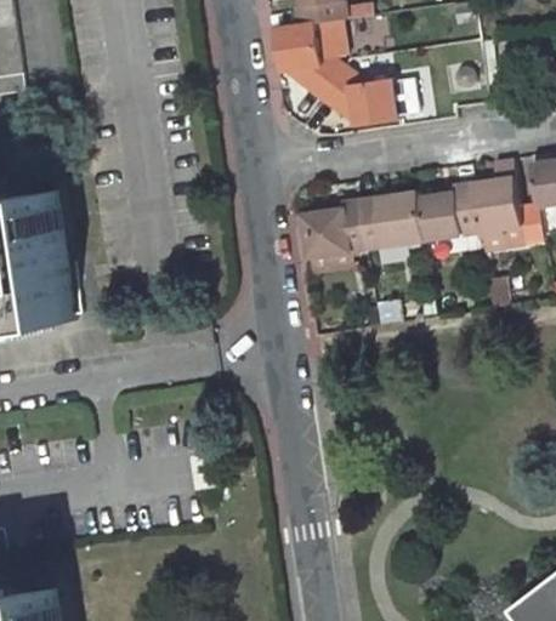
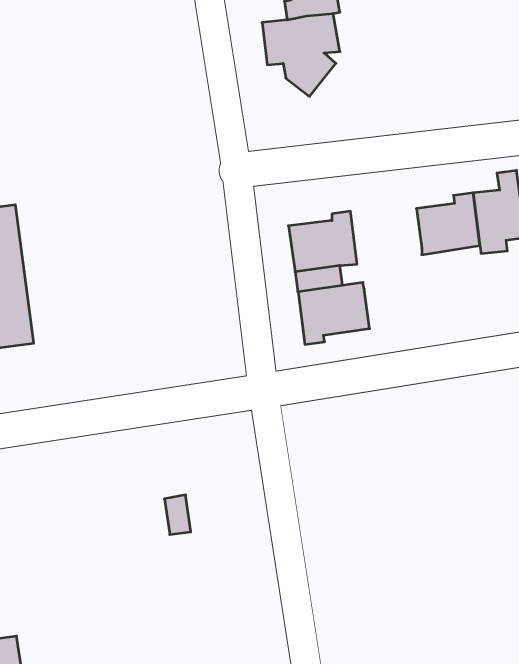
building: [320,64,401,124] -> none
building: [358,192,424,249] -> [298,282,370,344]

